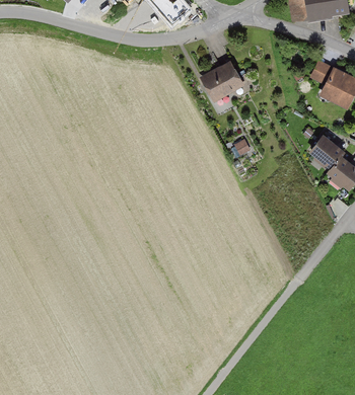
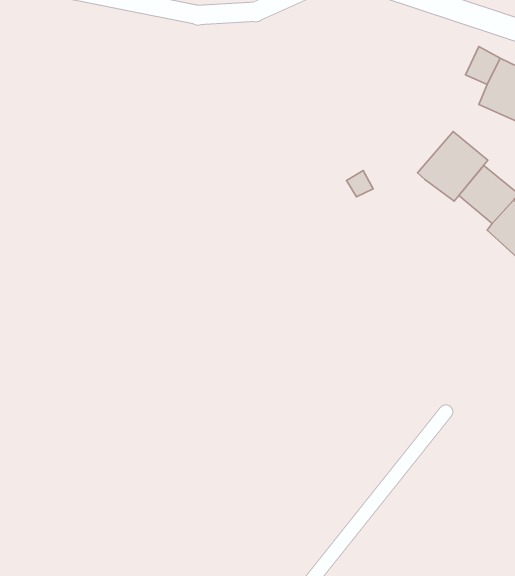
building: [200,59,245,102] -> none
building: none -> [418,131,488,201]

